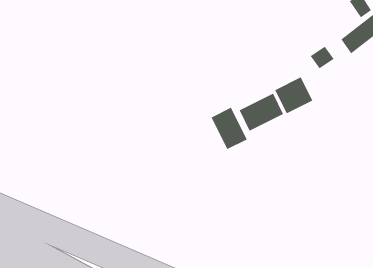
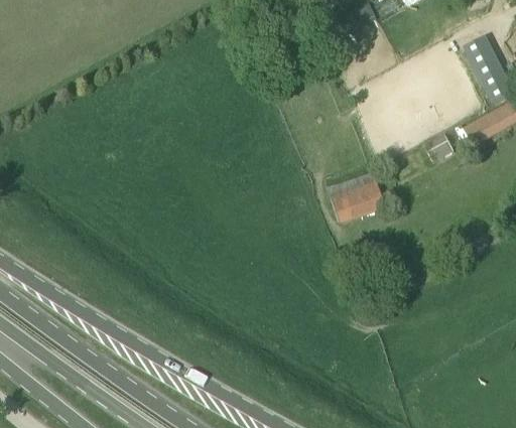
building: [274,77,313,114] -> none
building: [211,107,248,150] -> none

